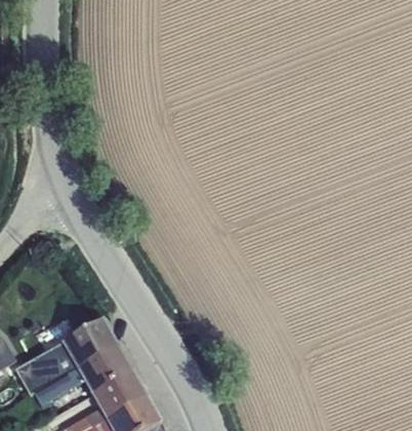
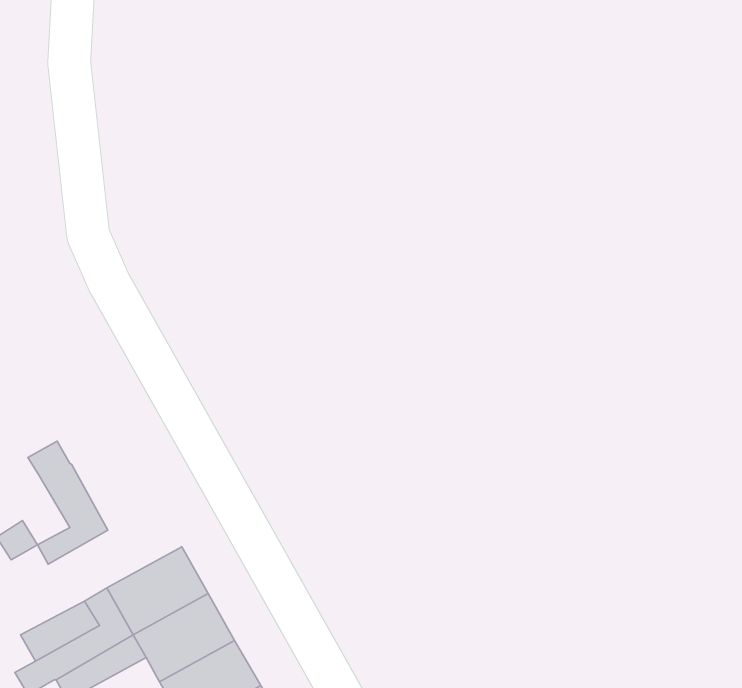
building: none -> [28,441,108,564]

